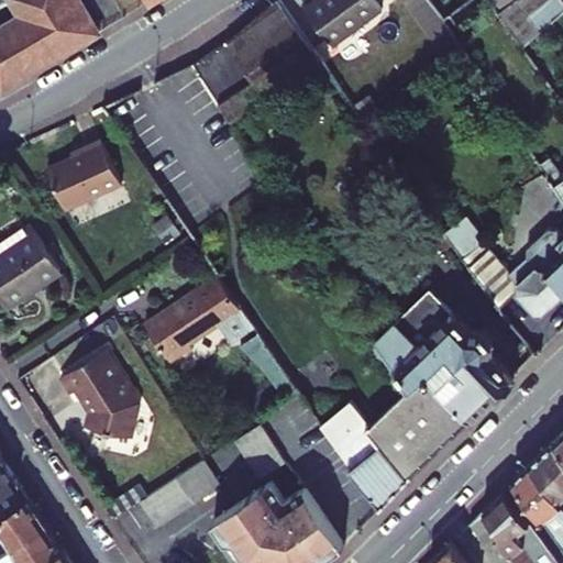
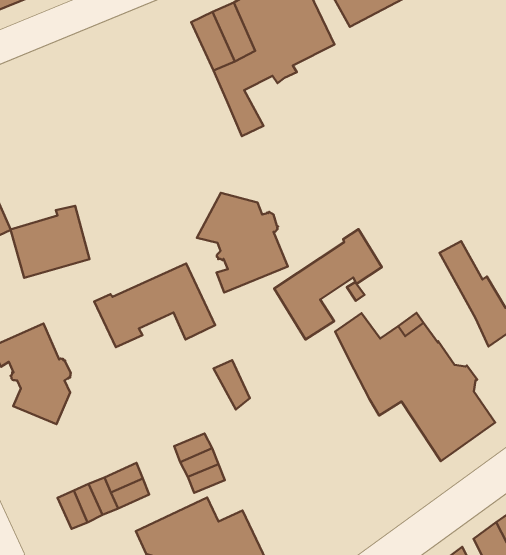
building: [46,141,120,211] -> [11,206,89,278]
building: none -> [197,193,288,292]
building: none -> [274,229,382,339]
building: [320,372,472,508] -> none

